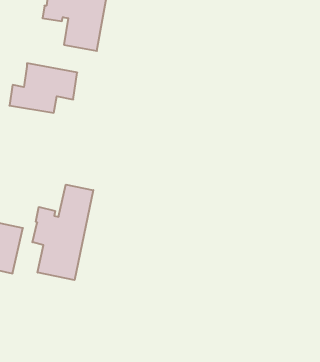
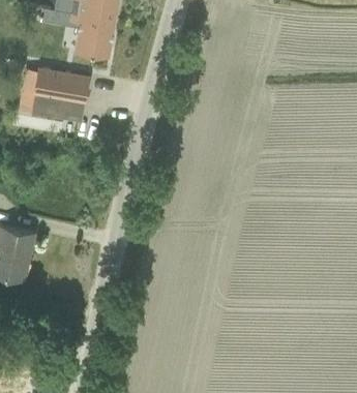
building: [32,185,93,280] -> none

